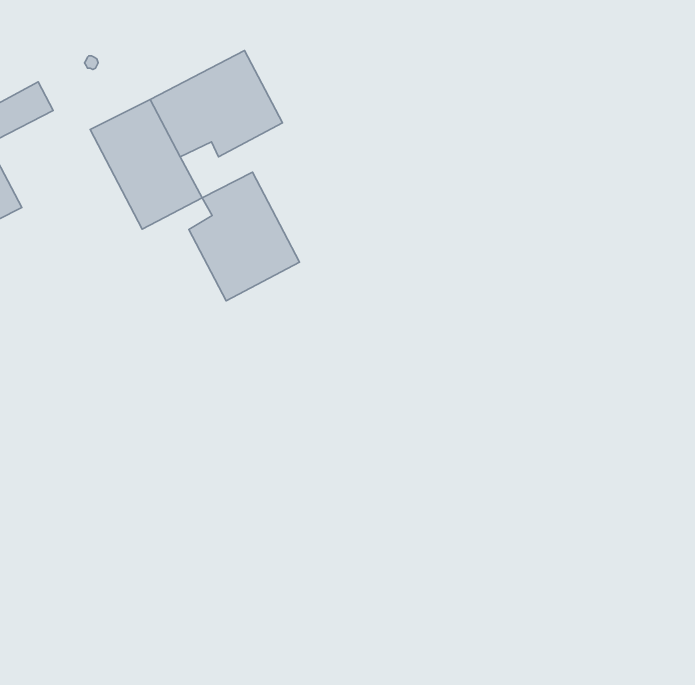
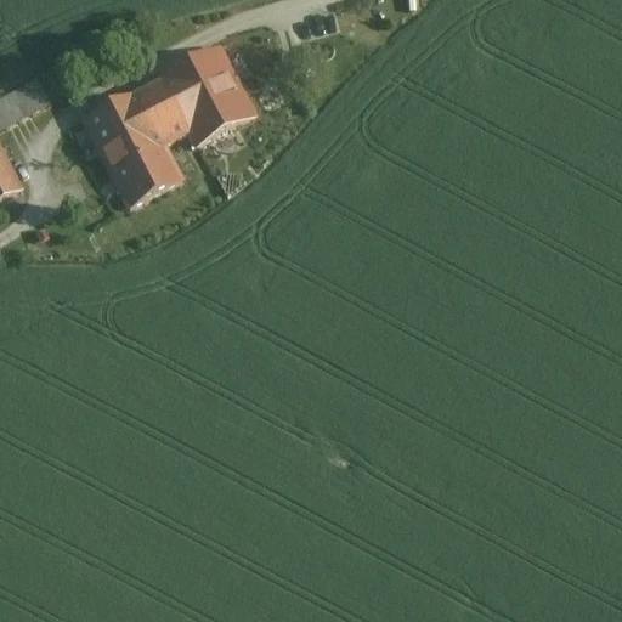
building: [189,172,300,301] -> none

